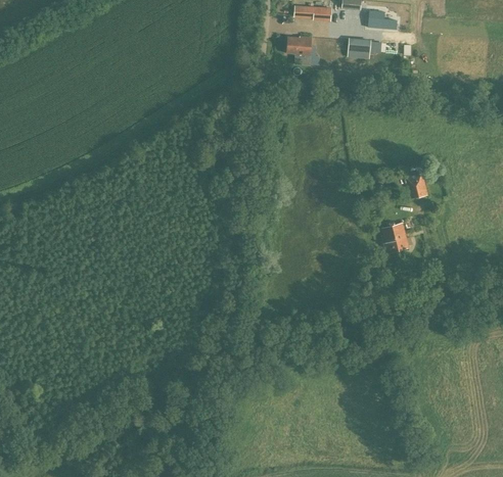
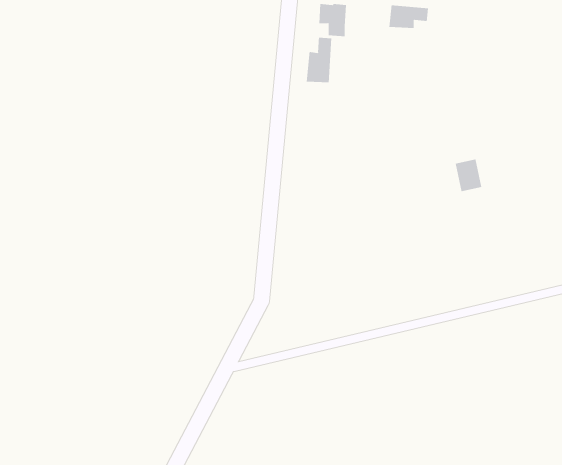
building: none -> [306,37,332,83]
building: [381,223,409,253] -> none

